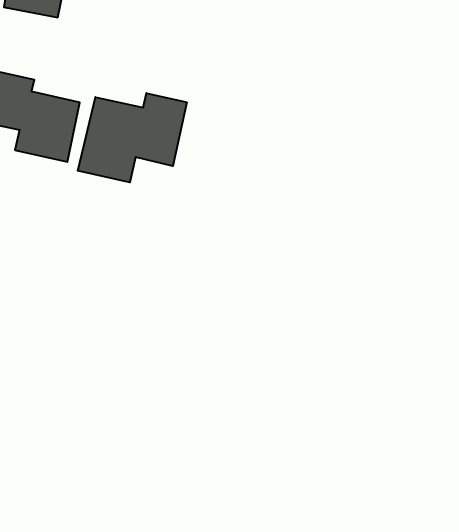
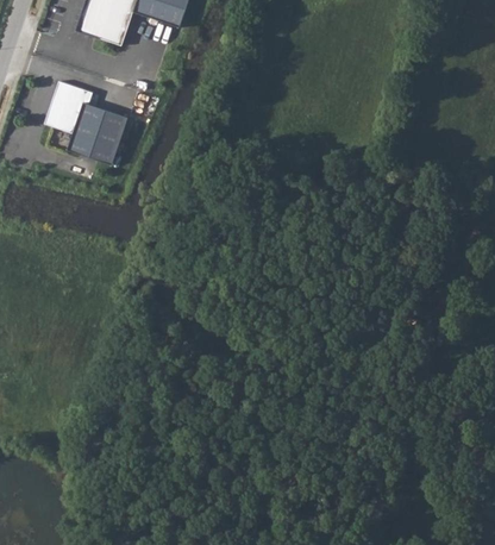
building: [78,93,187,182] -> none

